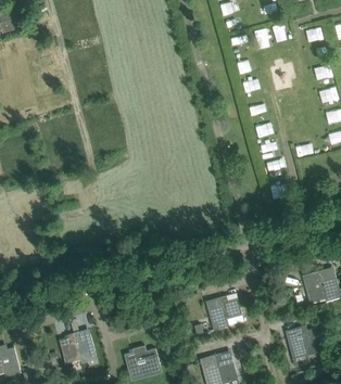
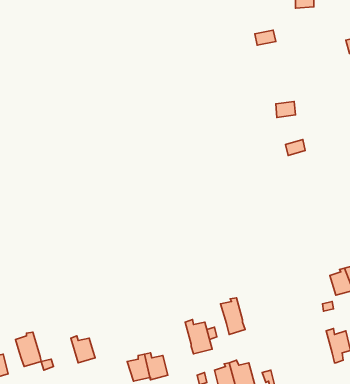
building: [220,295,244,325] -> [185,320,212,354]
building: [286,327,307,358] -> none
building: [59,333,81,363] -> [16,332,41,366]

